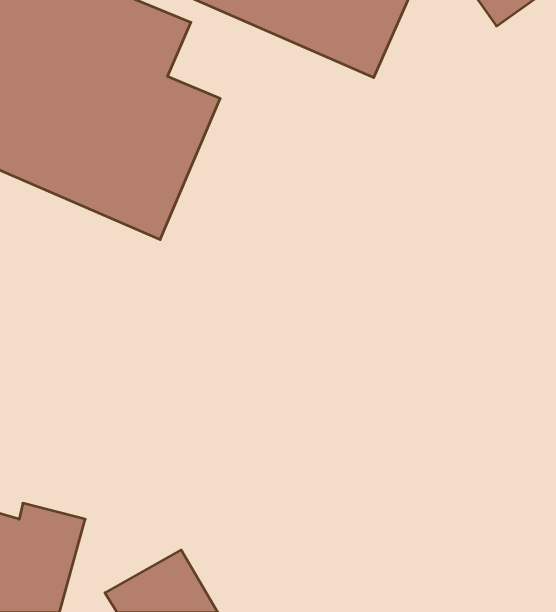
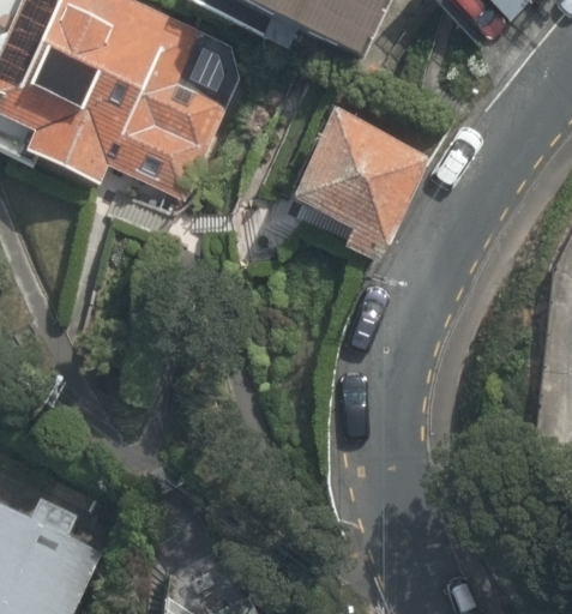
building: none -> [267,94,423,240]

